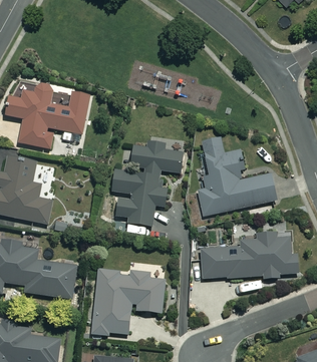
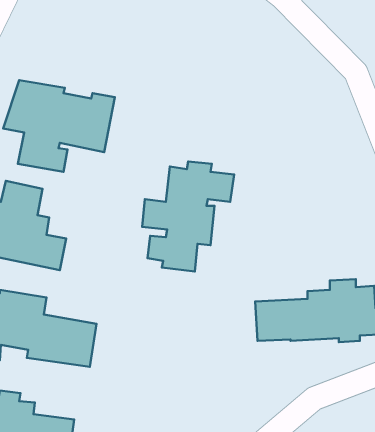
building: [196,137,276,217] -> none
building: [91,268,165,335] -> none

